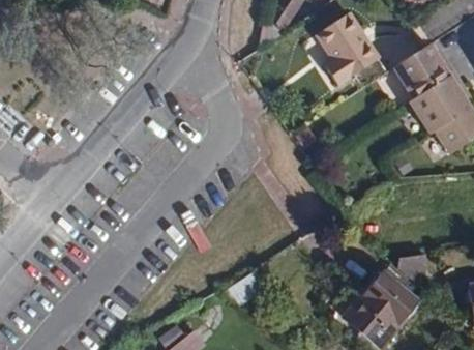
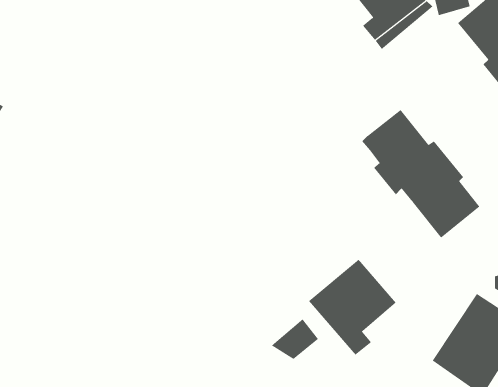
building: none -> [362,109,480,239]
building: none -> [308,259,397,356]

